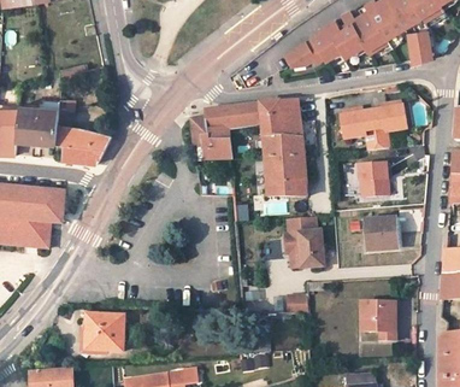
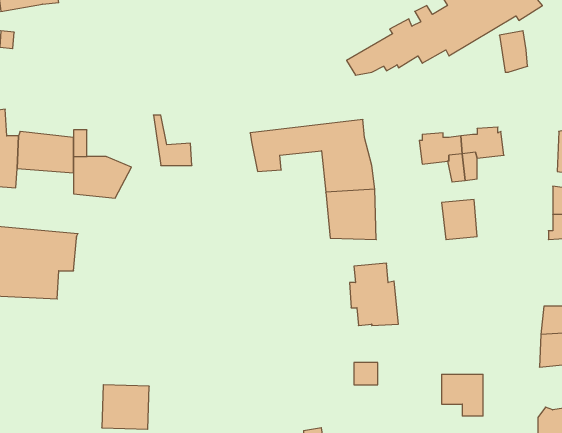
building: [201,118,232,159] -> [153,115,192,165]
building: [367,218,400,251] -> none

